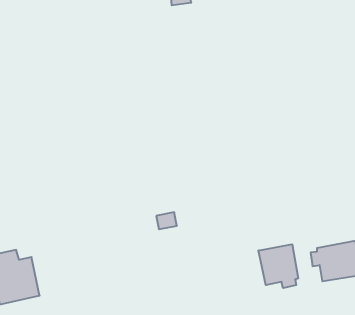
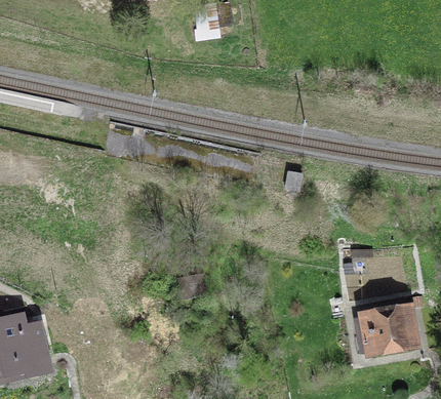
building: [258,244,298,288] -> none

